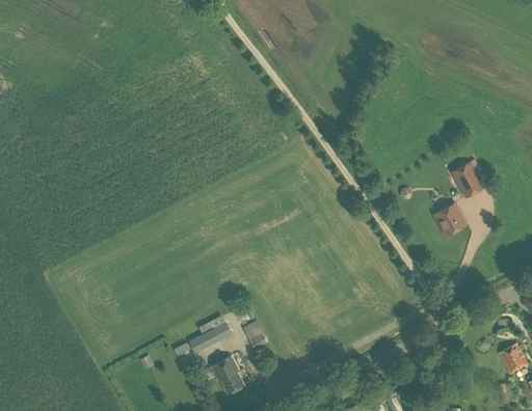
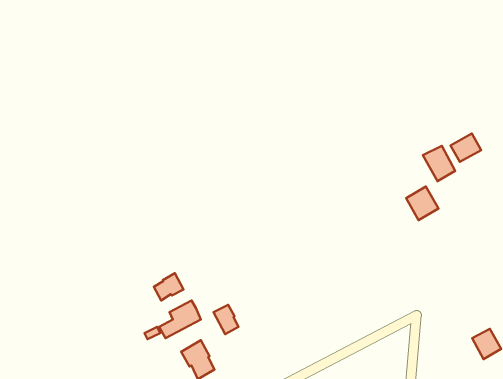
building: none -> [451,133,481,162]
building: none -> [154,273,184,300]

